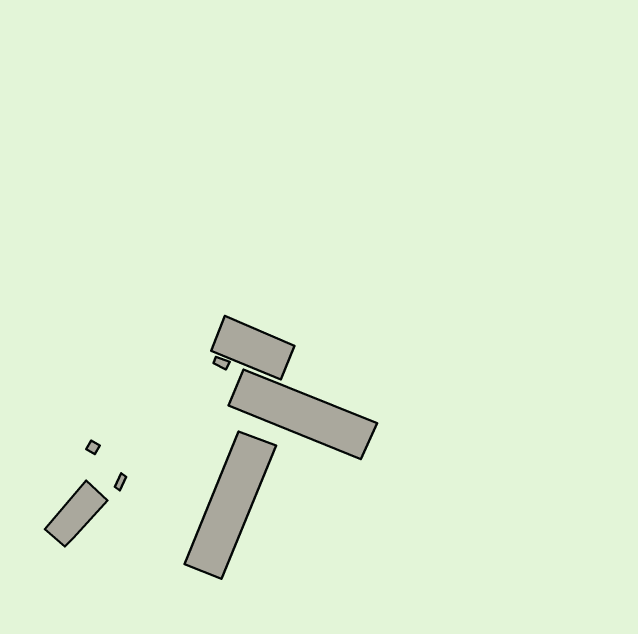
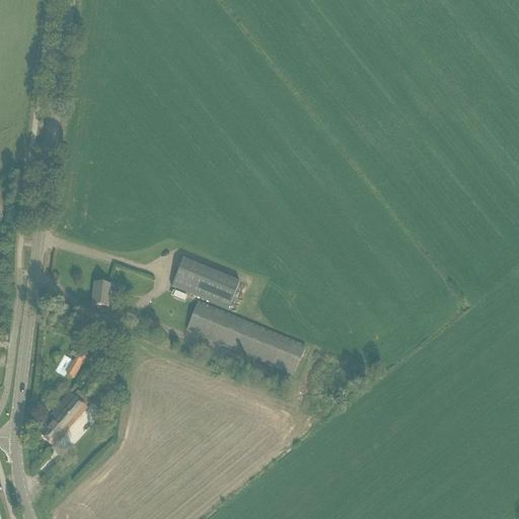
building: none -> [91,280,117,308]
building: [185,432,276,579] -> none

